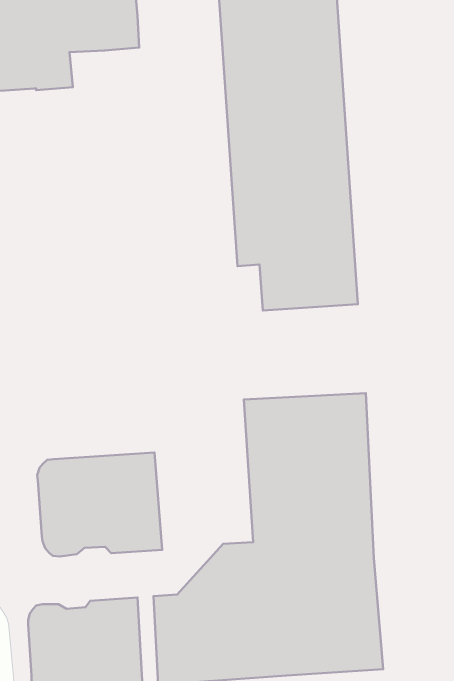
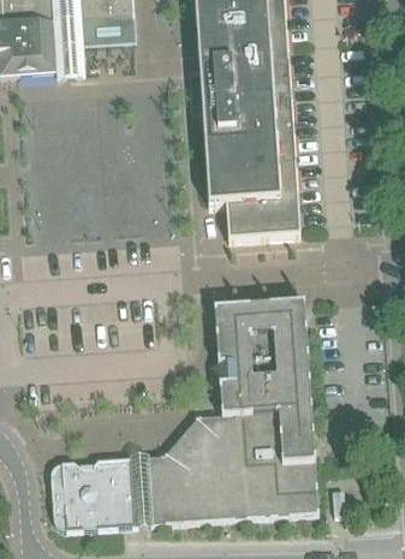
building: [37,452,162,557] -> none

